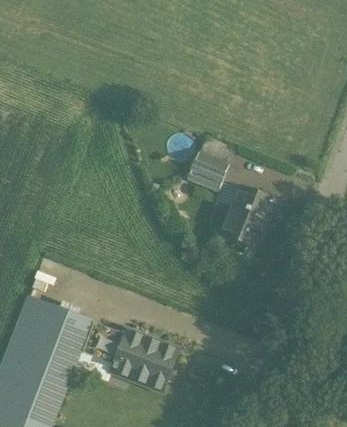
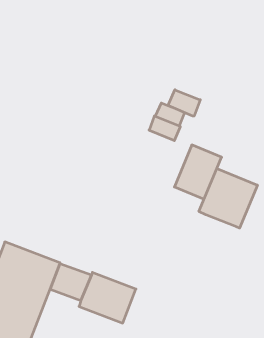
building: none -> [168,90,200,116]
building: none -> [199,168,257,228]

